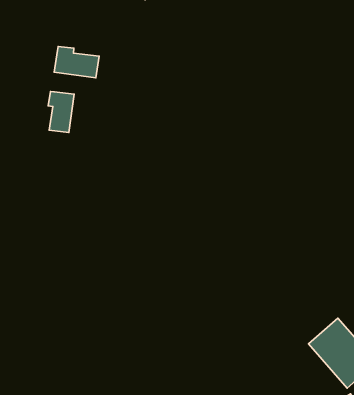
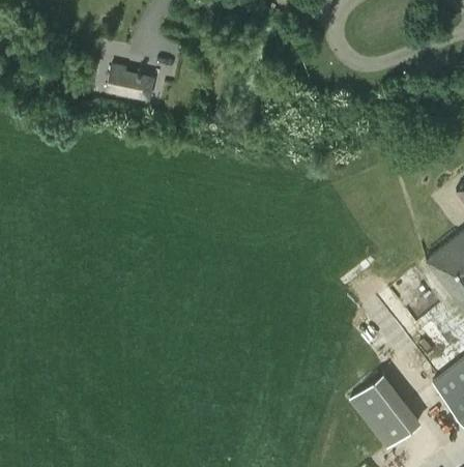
building: [48,92,74,133] -> none

